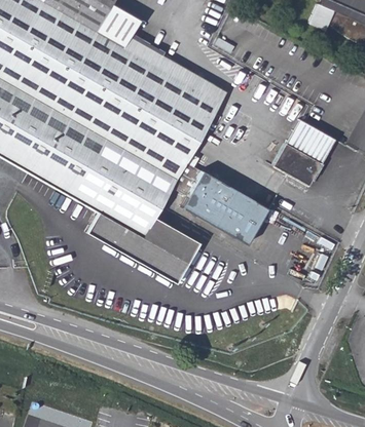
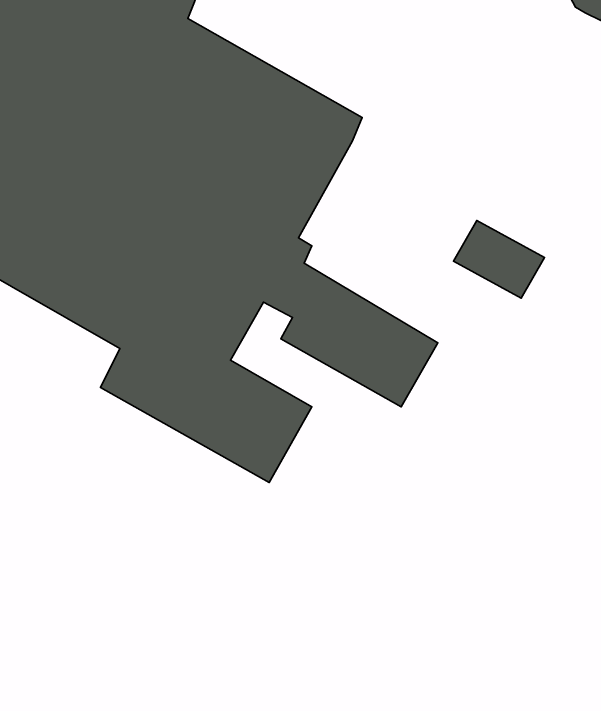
building: [287,120,336,164] -> none

